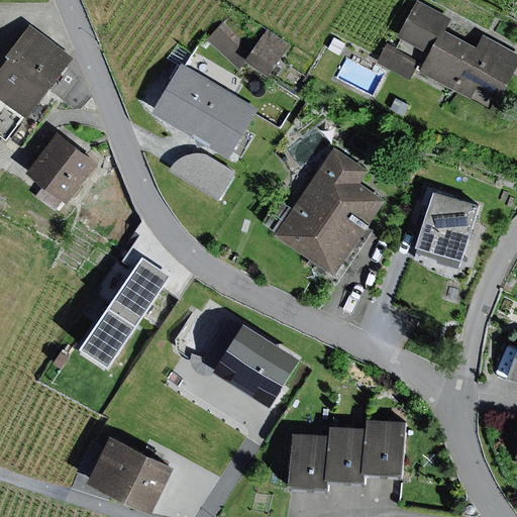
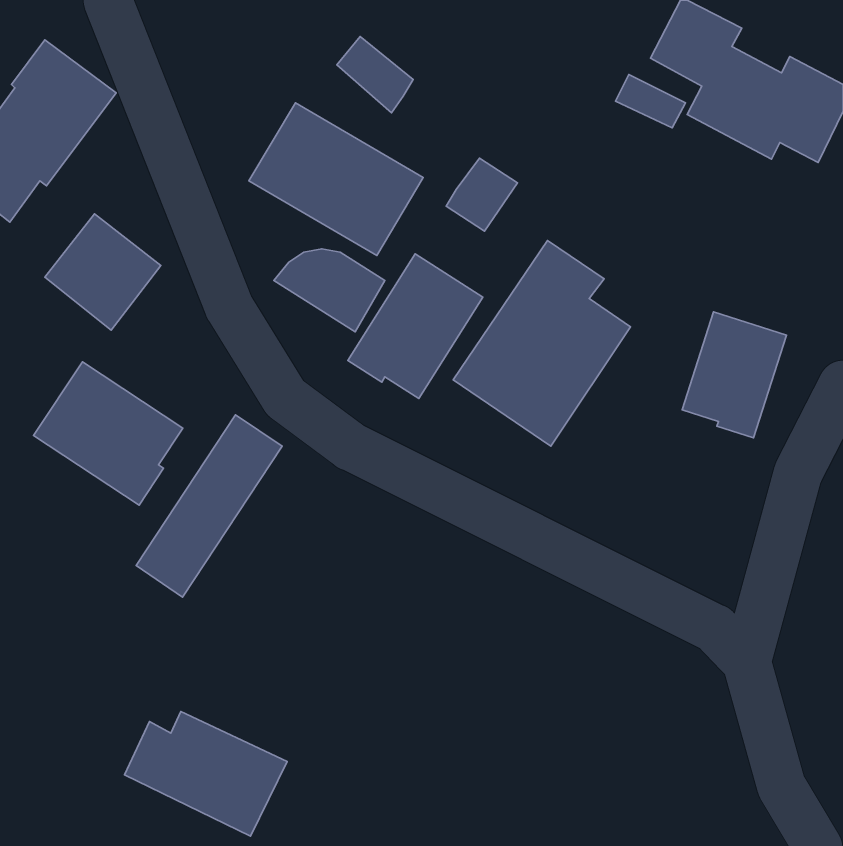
building: [245,30,289,75] -> [446,158,518,231]
building: none -> [348,254,483,398]
building: none -> [34,362,183,505]
building: [214,322,301,405] -> none
building: [289,418,406,491] -> none

